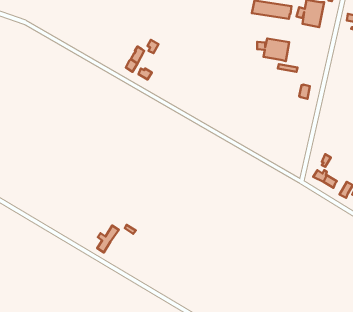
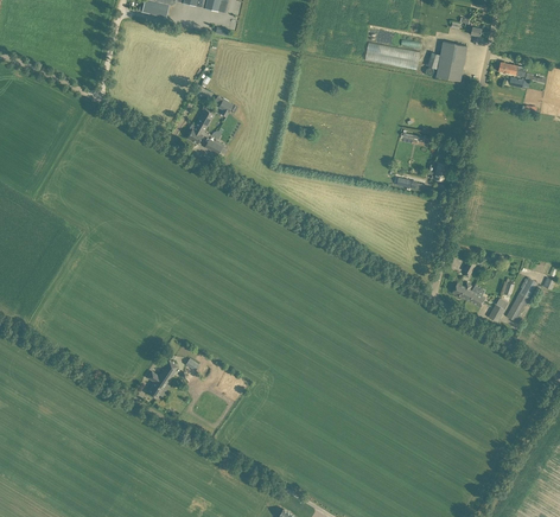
building: [257,39,289,61] -> none

